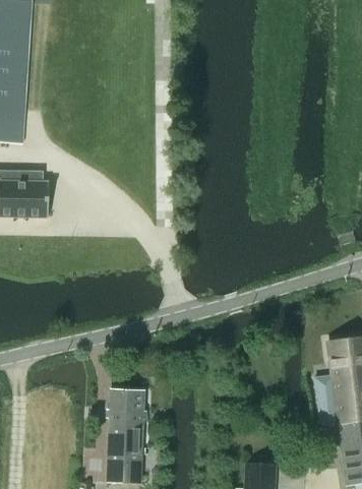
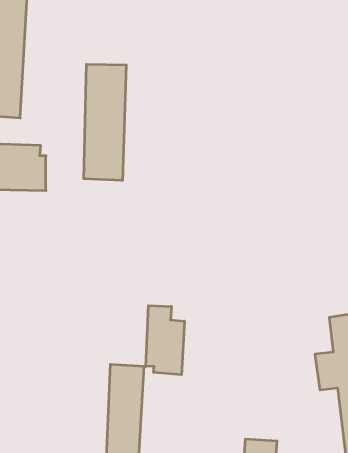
building: none -> [84,64,126,181]
building: none -> [146,306,184,375]

